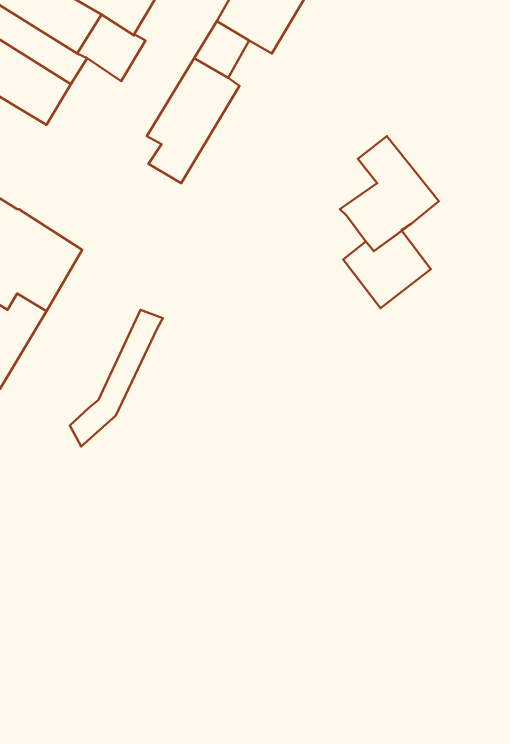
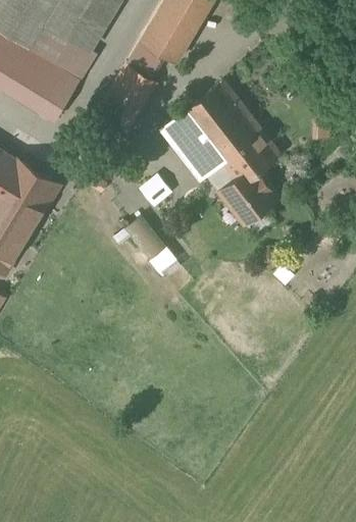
building: none -> [35,65,82,121]
building: none -> [161,81,249,181]
building: [70,310,163,447] -> none

